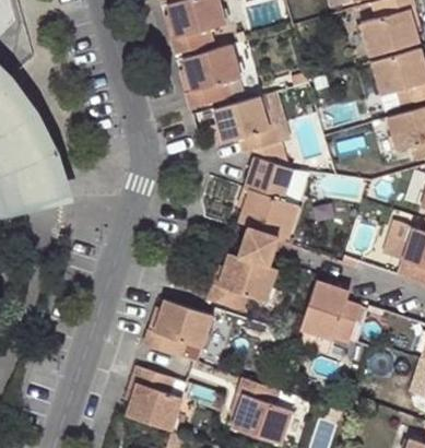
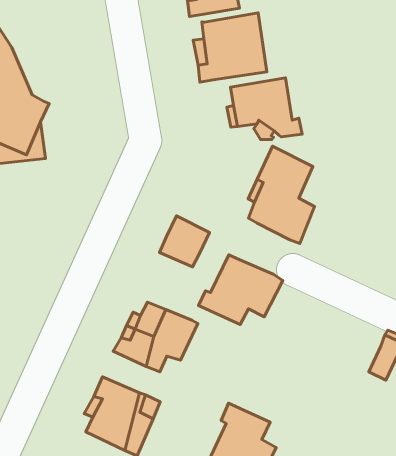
building: [239,223,280,264] -> [159,216,209,267]
building: [302,279,362,341] -> none

